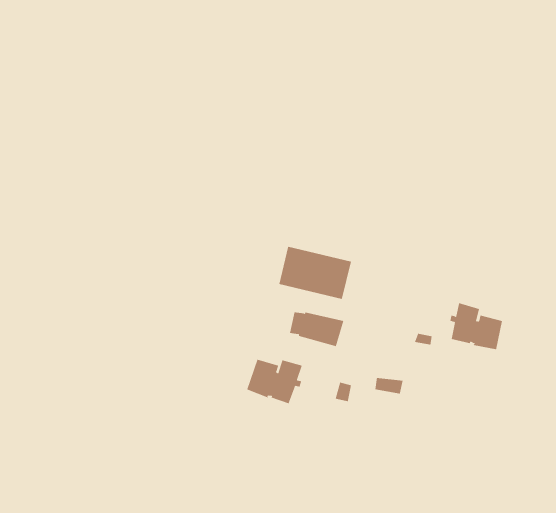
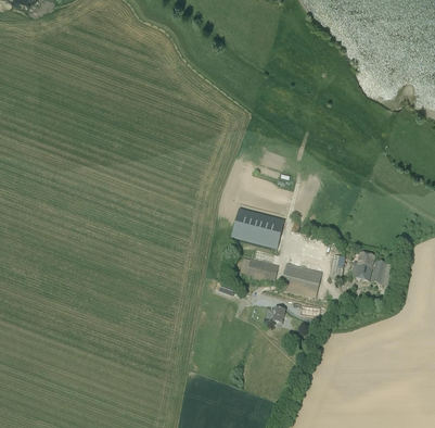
building: none -> [279,261,321,297]
building: [247,359,302,404] -> none

